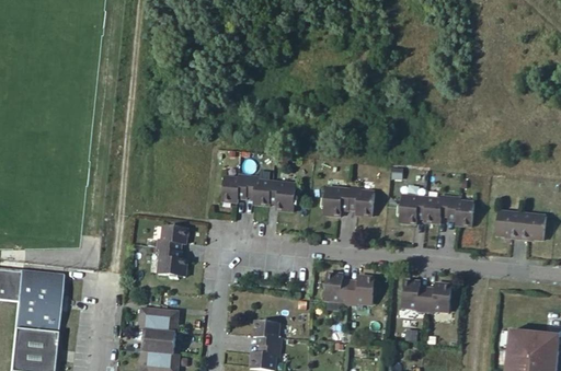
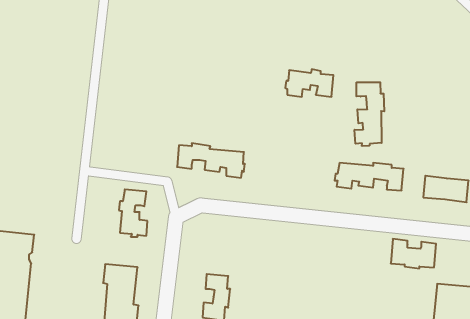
building: none -> [355,82,384,146]
building: [321,186,375,217] -> [285,69,333,97]
building: [324,274,375,305] -> none
building: [401,280,451,313] -> [391,239,436,268]

